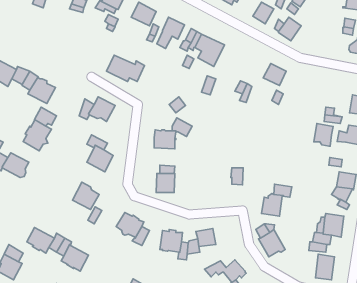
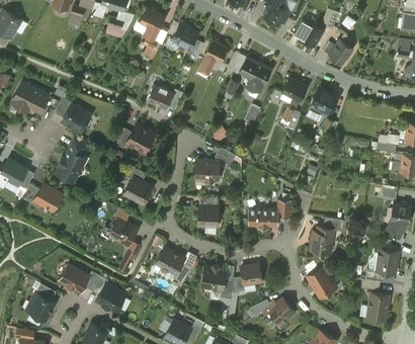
building: none -> [281,78,307,107]
building: [314,123,333,146] -> none
building: none -> [247,208,278,229]

